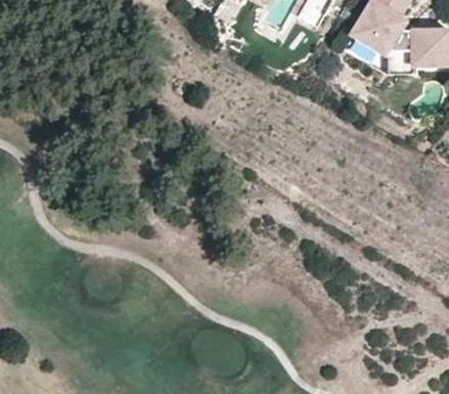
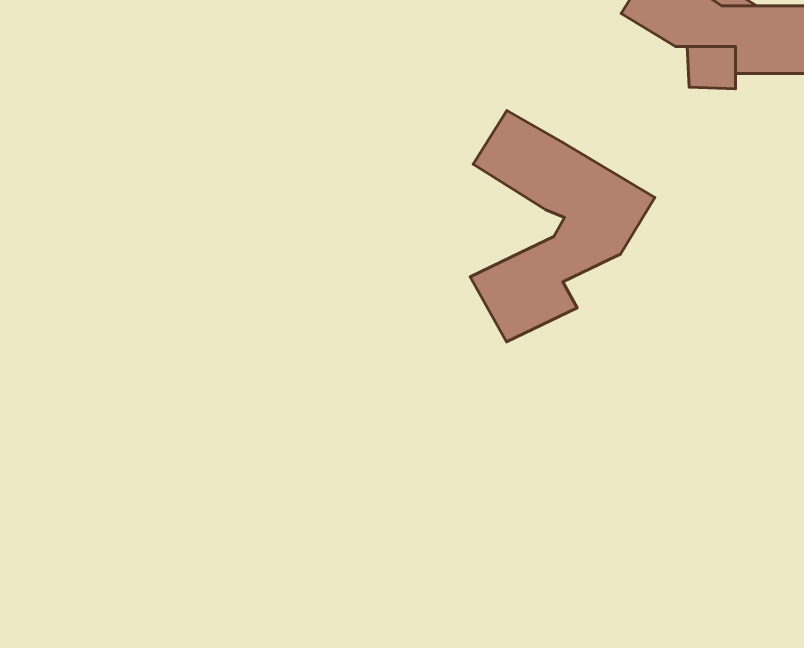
building: none -> [470,110,655,342]

